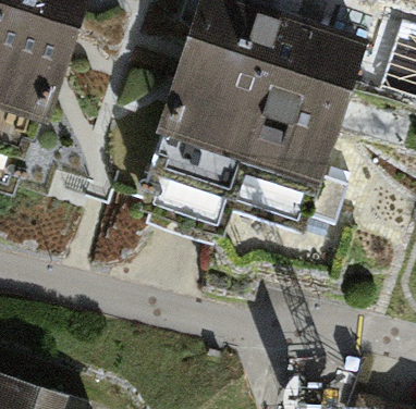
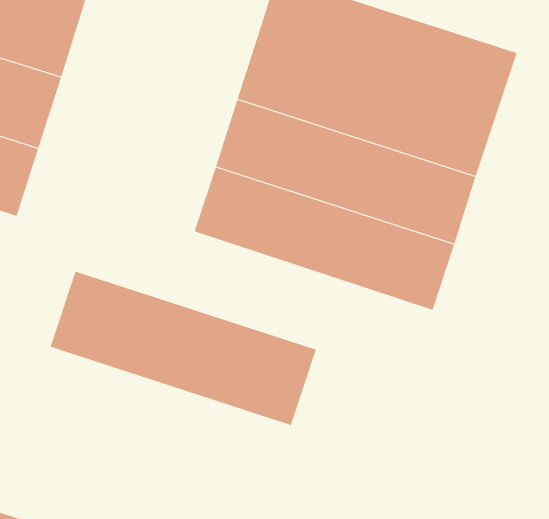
building: none -> [50,271,316,426]

